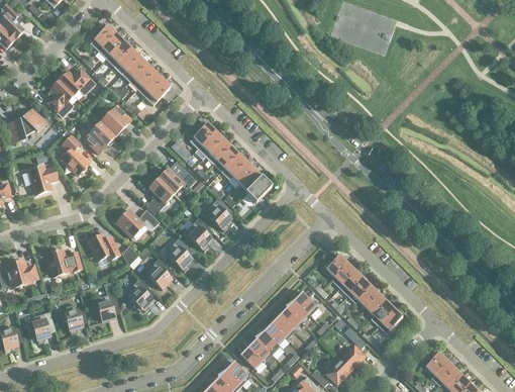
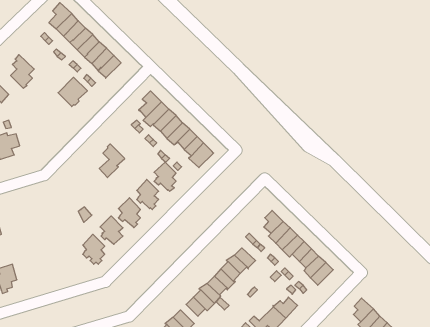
building: [57,68,95,94] -> none
building: [84,120,115,153] -> none
building: [62,134,89,174] -> none
building: [158,167,196,193] -> none
building: [116,208,159,236] -> none
building: [88,233,120,260] -> none
building: [46,249,81,276] -> none
building: [94,291,119,320] -> none
building: [62,303,87,332] -> none

